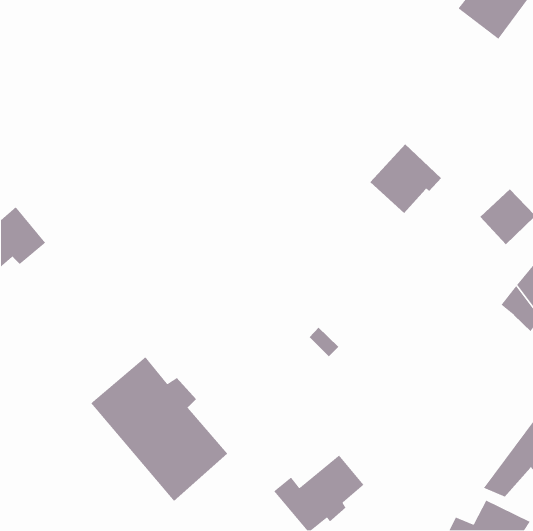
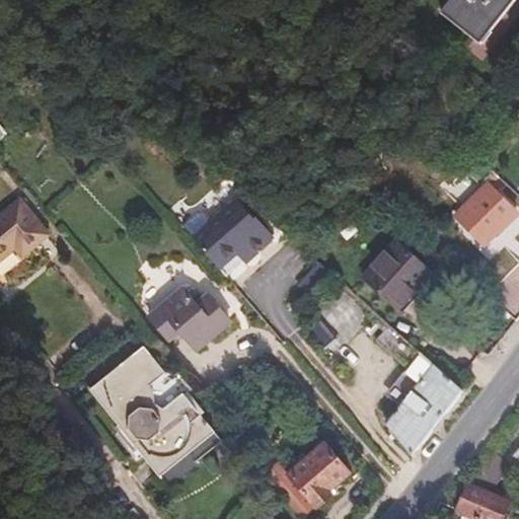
building: [370,144,442,214] -> [362,238,432,306]
building: none -> [191,202,269,278]
building: none -> [148,289,228,351]
building: none -> [378,322,463,453]

